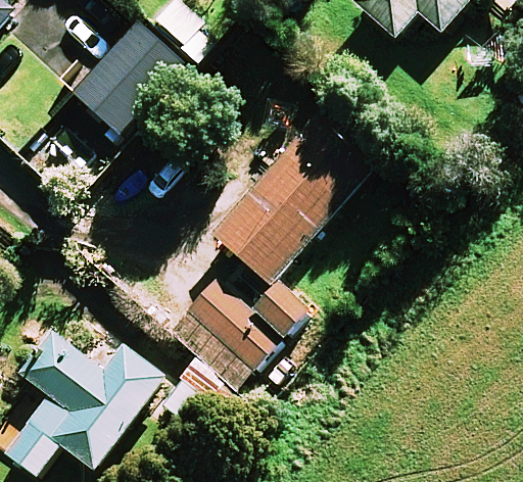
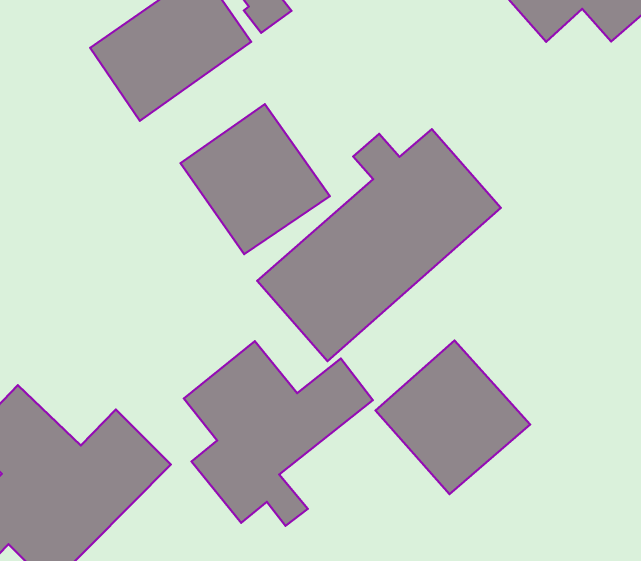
building: none -> [180,104,330,254]
building: none -> [375,340,530,494]

